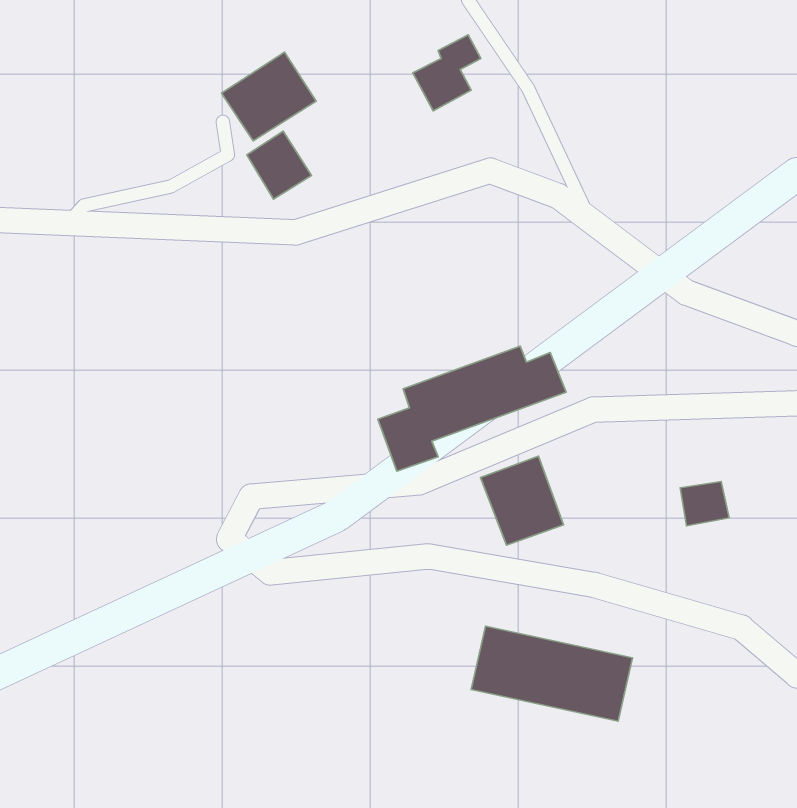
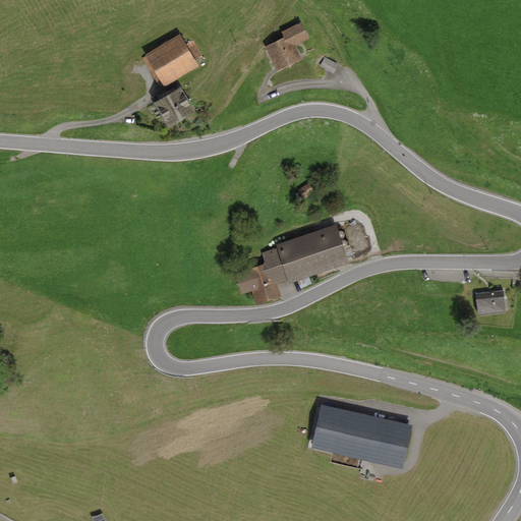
building: [480,456,564,545] -> none
building: [680,481,729,526] -> [474,287,506,315]

